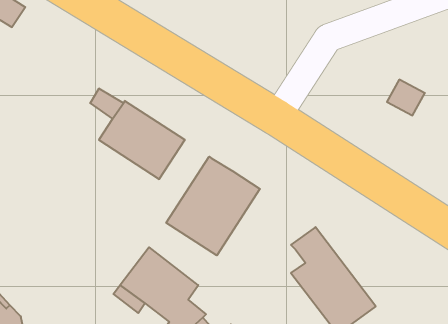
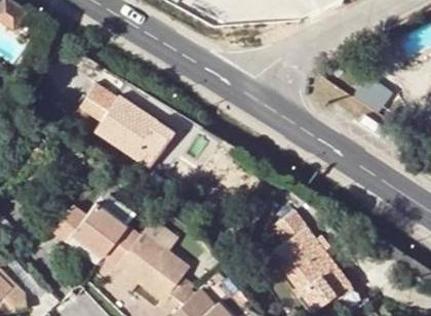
building: [166,157,260,255] -> none
building: none -> [51,202,123,255]

